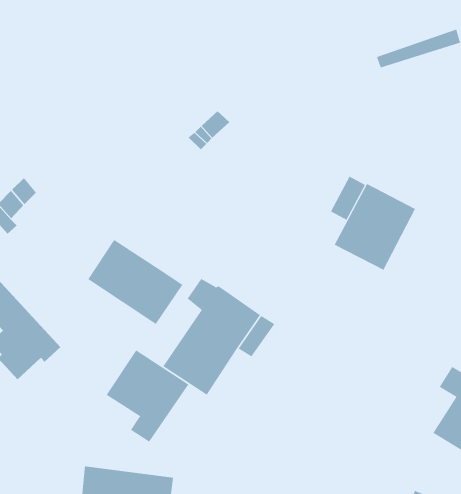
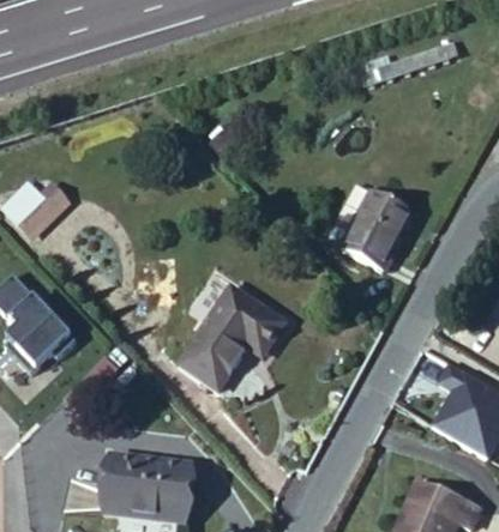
building: [87,239,183,325] -> none
building: [106,350,189,442] -> none

